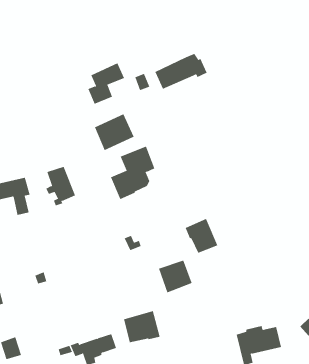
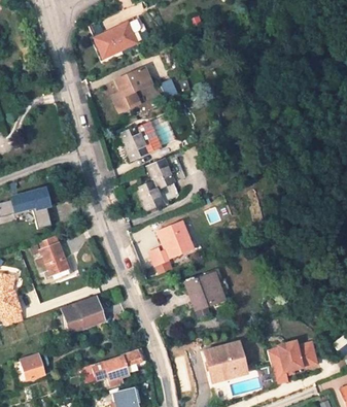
building: [155,53,208,90] -> [95,19,150,57]
building: [45,166,76,206] -> [36,236,68,278]
building: [185,218,218,253] -> [158,221,193,258]
building: none -> [62,297,104,329]
building: [123,310,161,343] -> [205,343,244,377]

